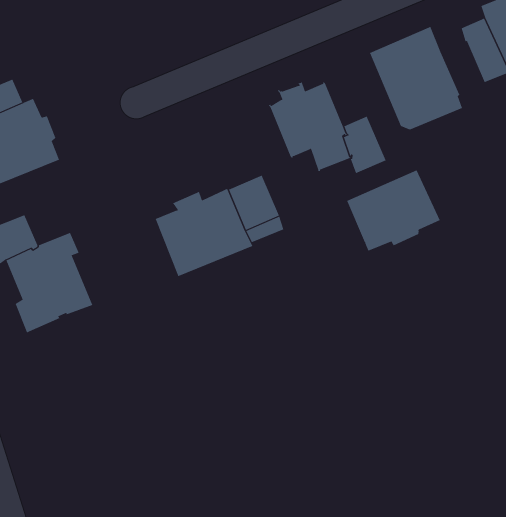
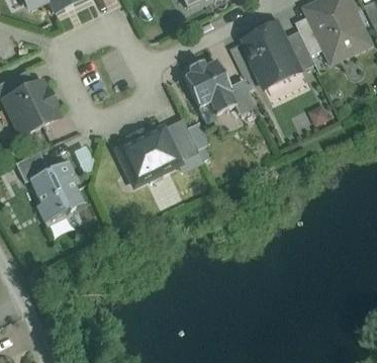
building: none -> [285,31,316,72]
building: [346,169,441,251] -> none

